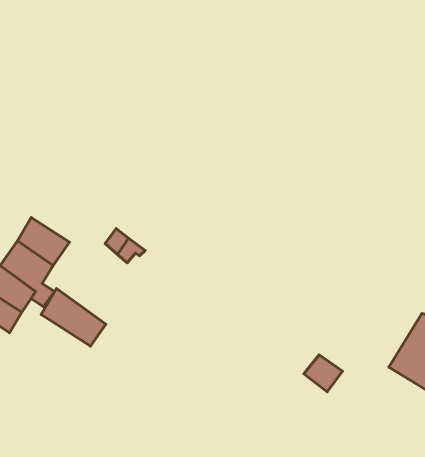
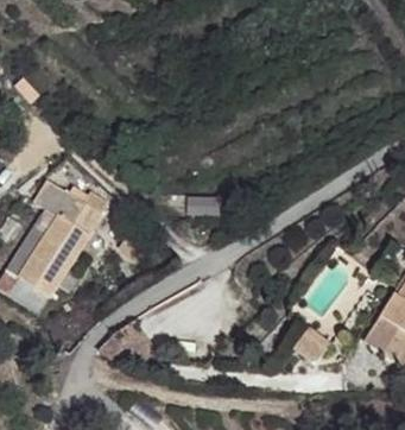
building: [41,289,106,346] -> [50,179,106,229]

